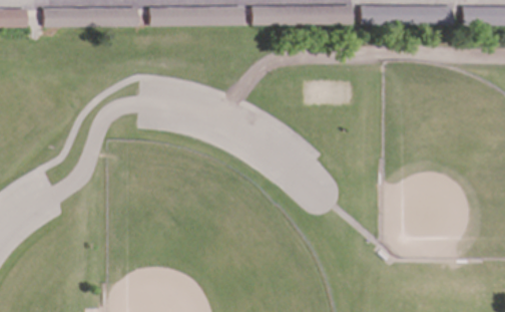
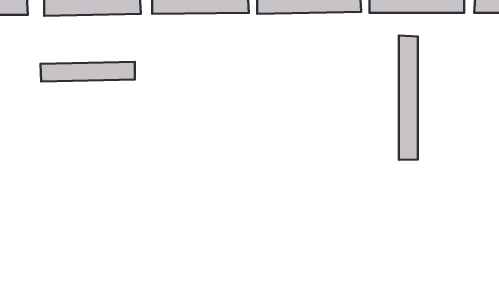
building: none -> [399,36,418,160]
building: none -> [40,62,135,81]

